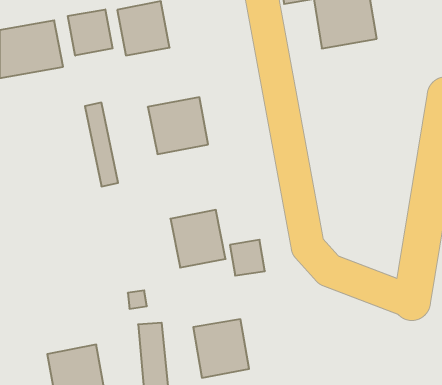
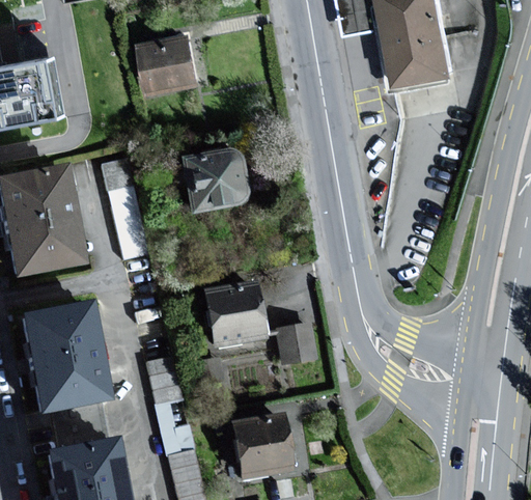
building: [68,9,113,56] -> none
building: none -> [7,170,82,277]
building: none -> [35,306,107,412]

